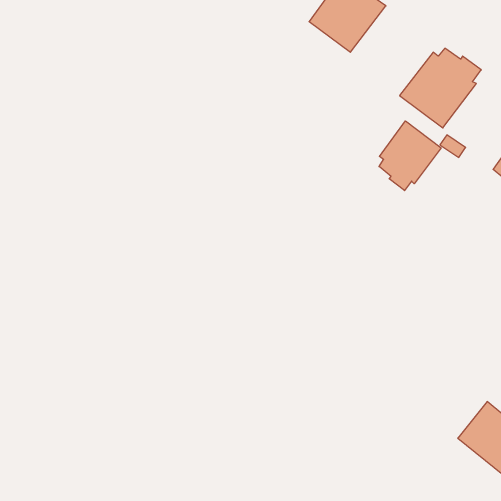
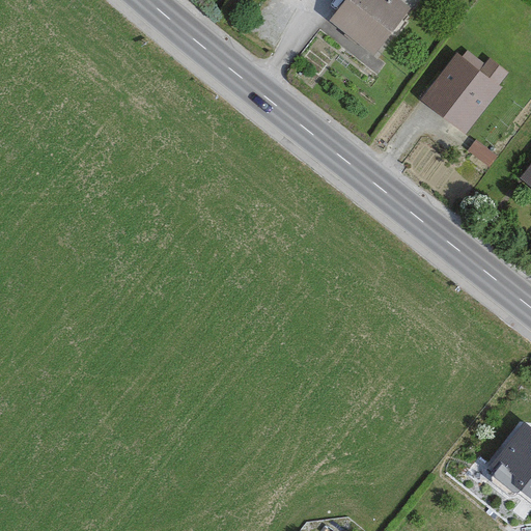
building: [379,121,441,191] -> none

